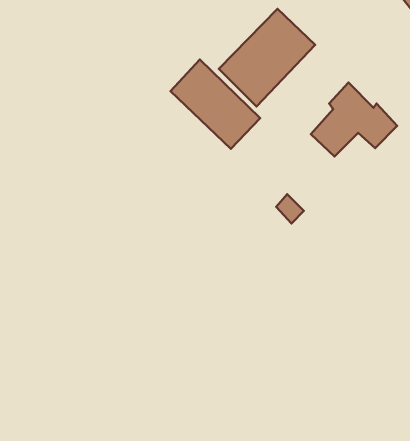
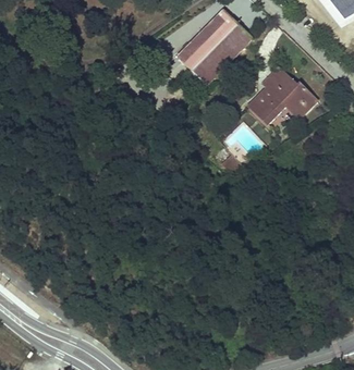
building: [171,59,260,149] -> none

